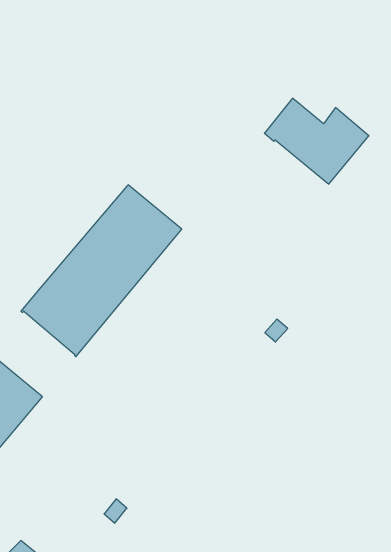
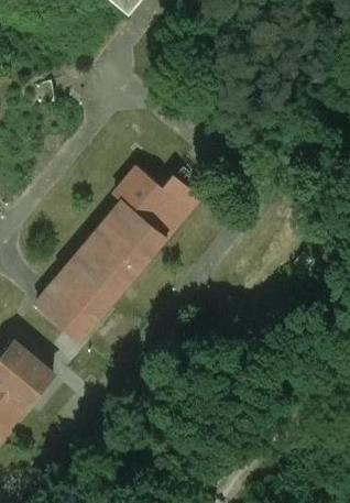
building: [264,98,369,184] -> [113,166,199,237]

